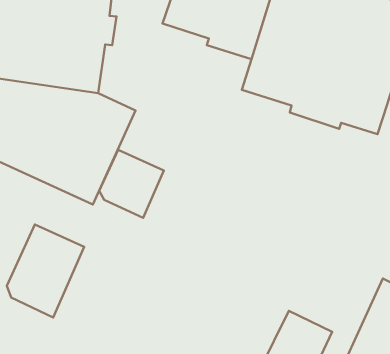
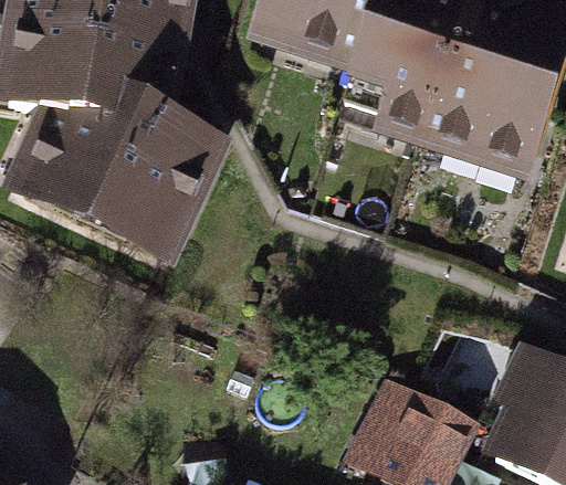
building: [99,150,164,218] -> none
building: [7,224,84,317] -> none

